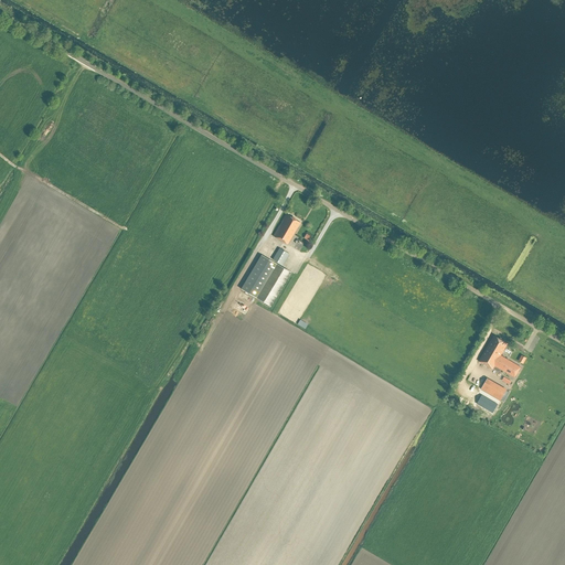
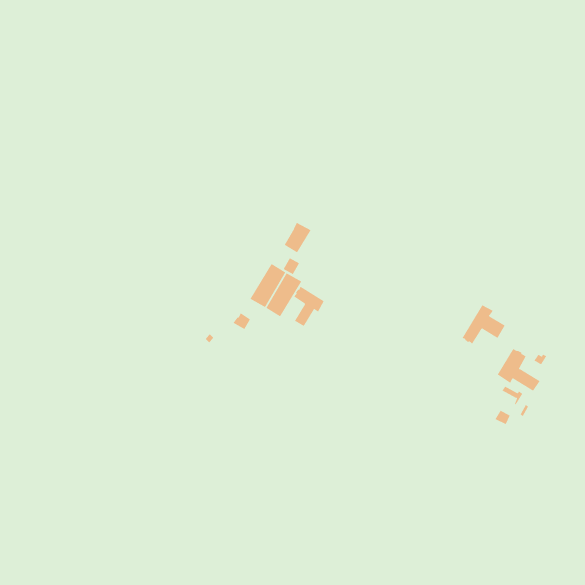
building: none -> [293,286,325,327]
building: none -> [462,305,505,345]

